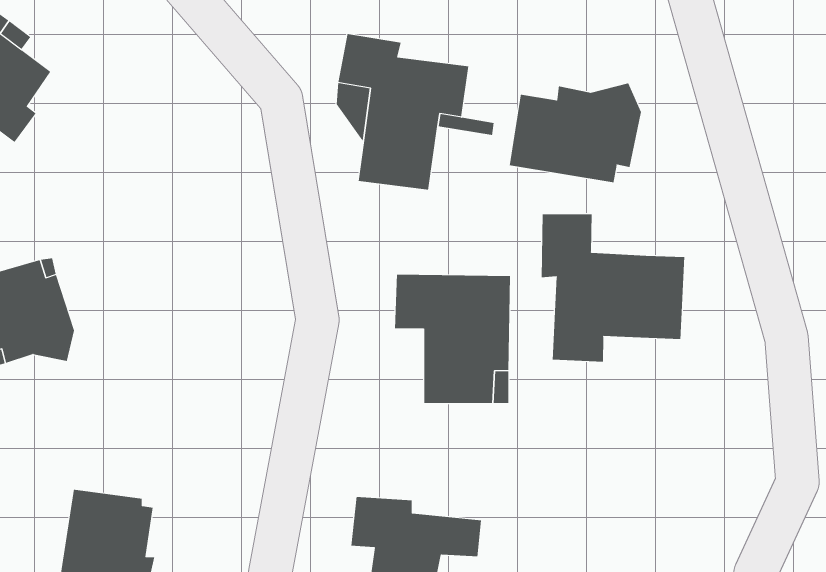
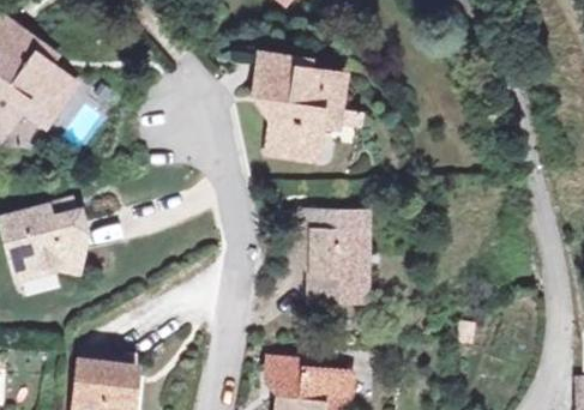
building: [509,82,642,183] -> none
building: [541,213,685,362] -> none

